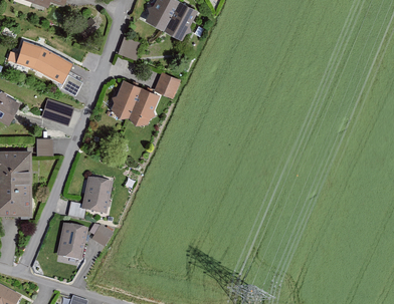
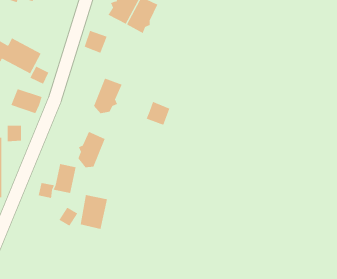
building: [154,72,180,98] -> [146,101,170,126]
building: [111,80,141,119] -> [77,131,106,168]
building: [57,225,87,262] -> [80,195,108,229]

